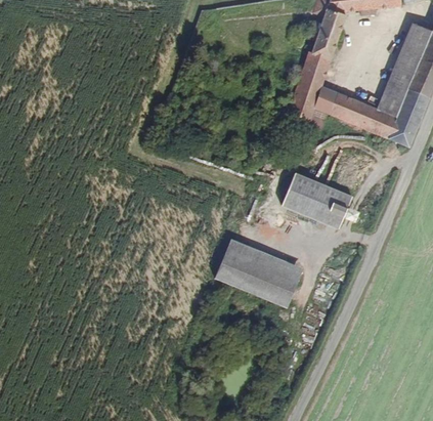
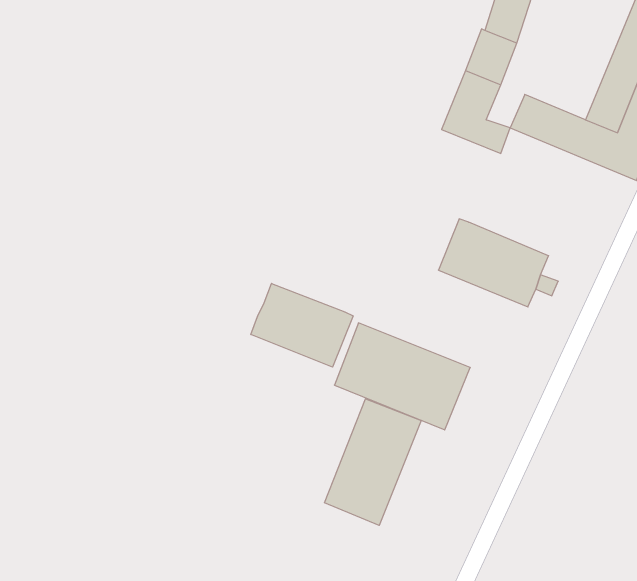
building: [313,86,338,114] -> none
building: none -> [251,283,353,367]
building: none -> [325,399,421,525]

